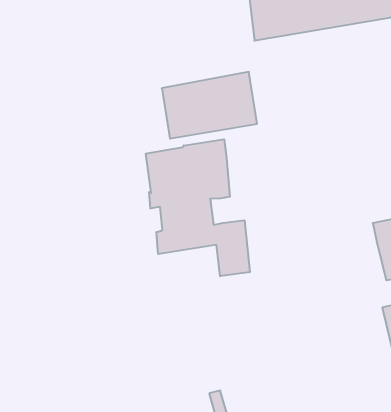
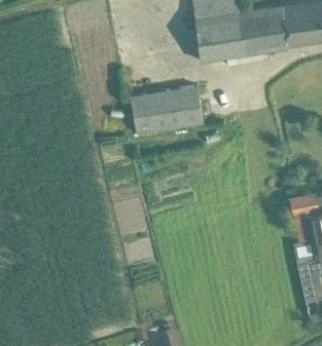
building: [146,139,250,276] -> none

